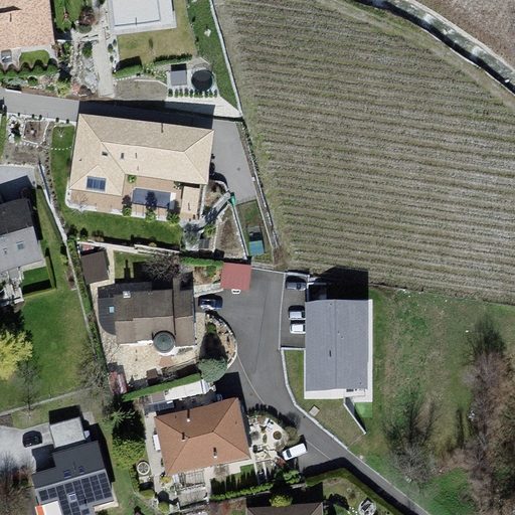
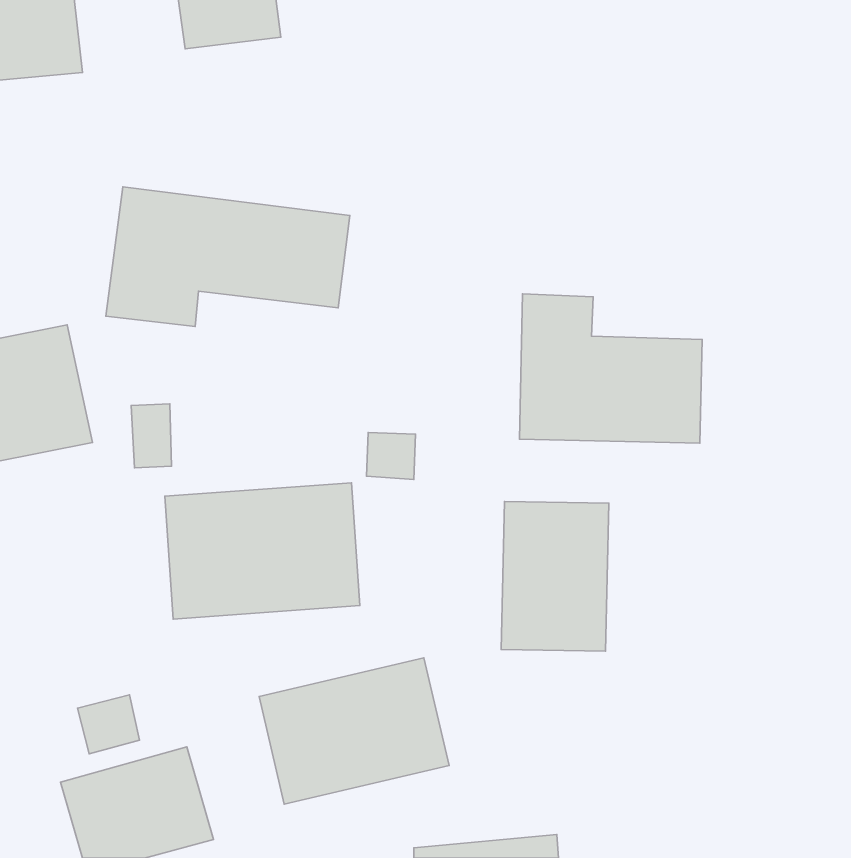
building: none -> [520,294,702,443]

